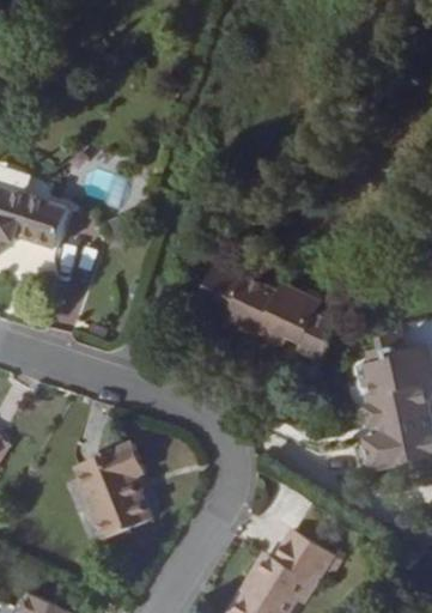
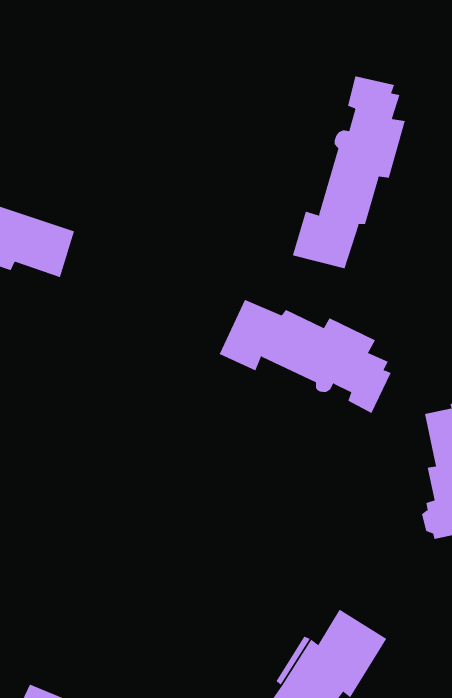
building: none -> [292,76,406,269]
building: [74,442,151,539] -> none

